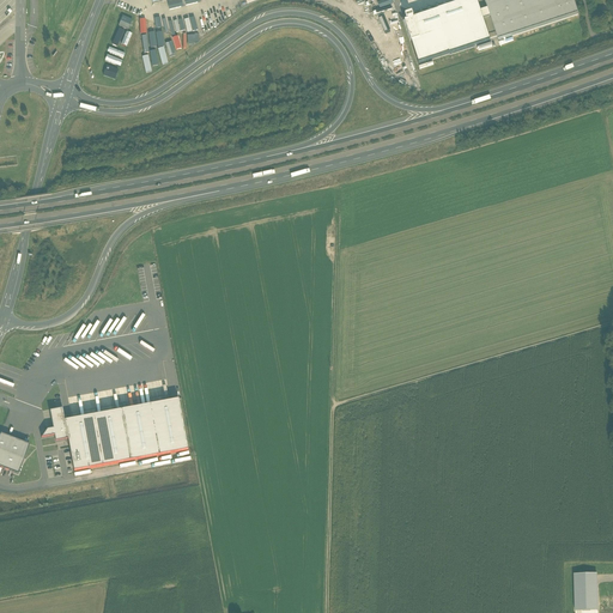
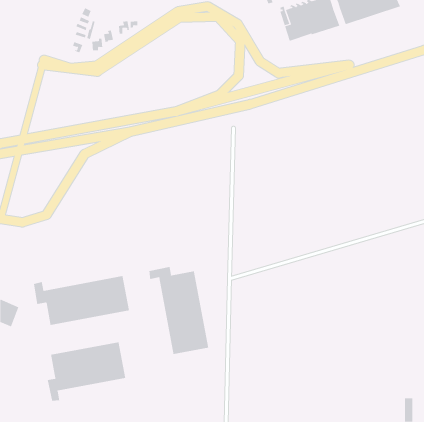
building: none -> [149,266,209,355]
building: none -> [47,341,126,402]

